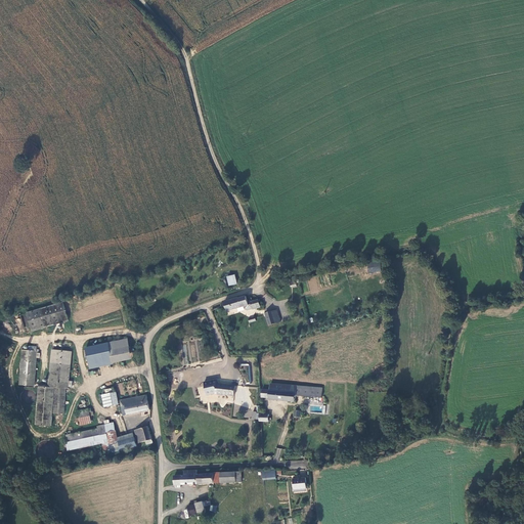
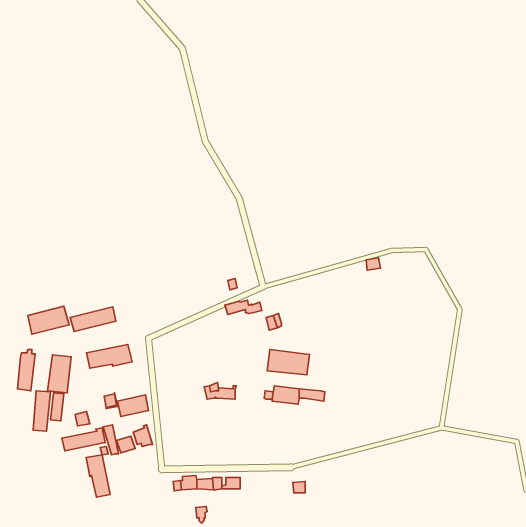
building: none -> [70,307,116,331]
building: none -> [267,349,310,375]
building: none -> [86,455,110,497]

